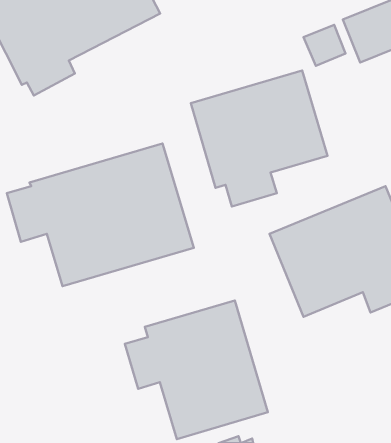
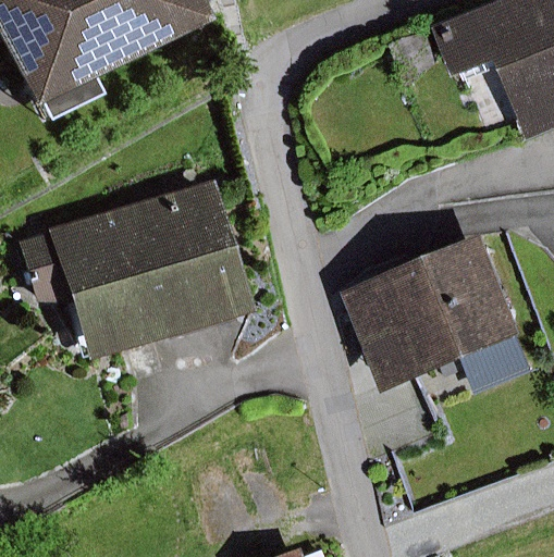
building: [191,70,328,207] -> none
building: [125,300,268,439] -> none

